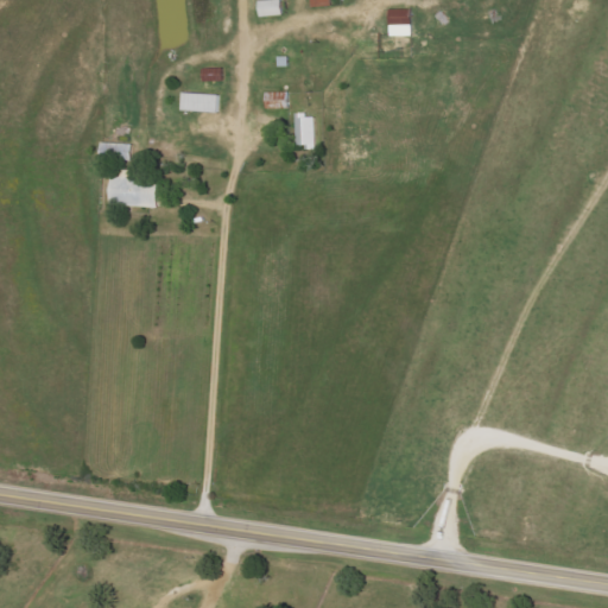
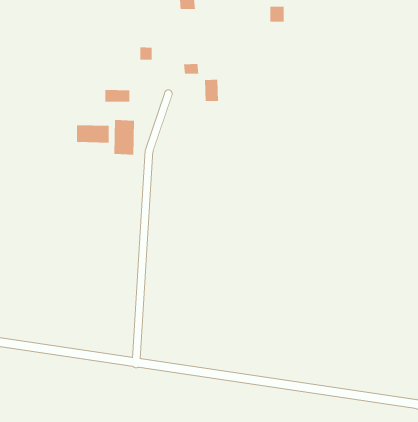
building: [180,91,217,110] -> [104,89,130,102]
building: none -> [113,119,135,155]

